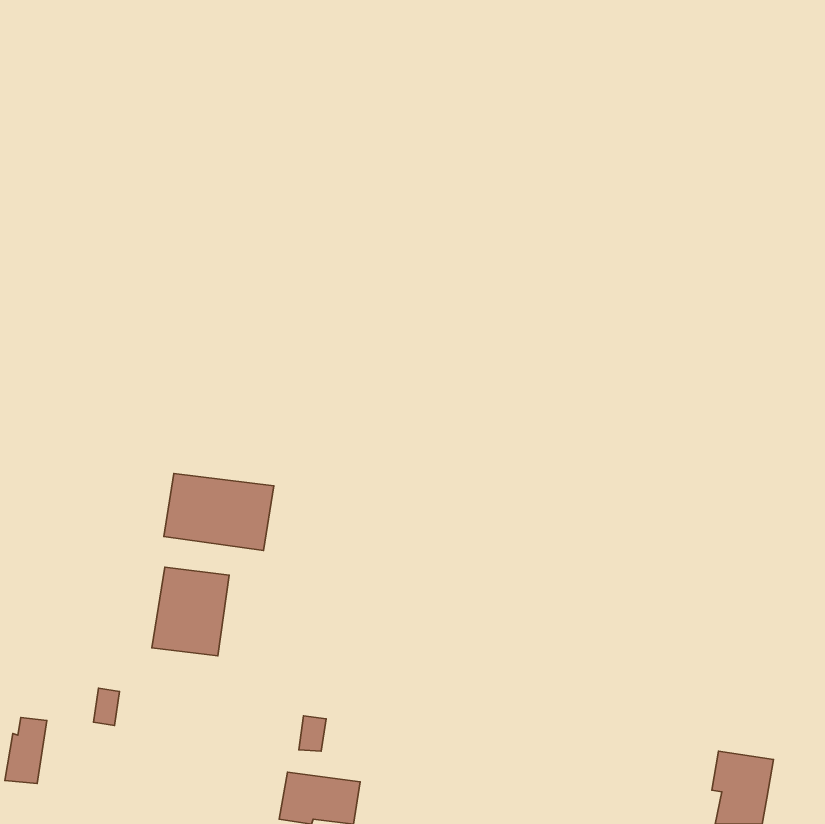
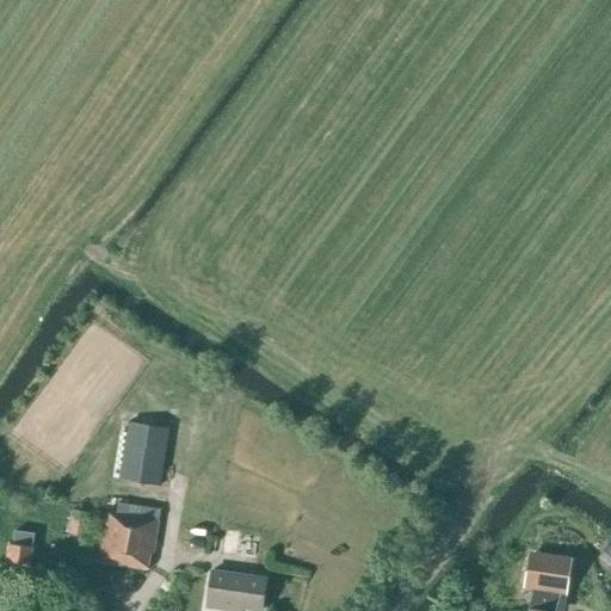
building: [164,473,274,550] -> none
building: none -> [98,502,160,569]

